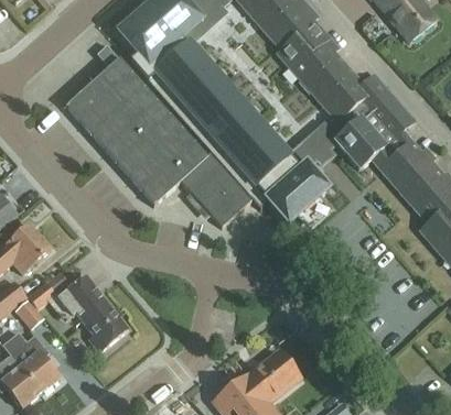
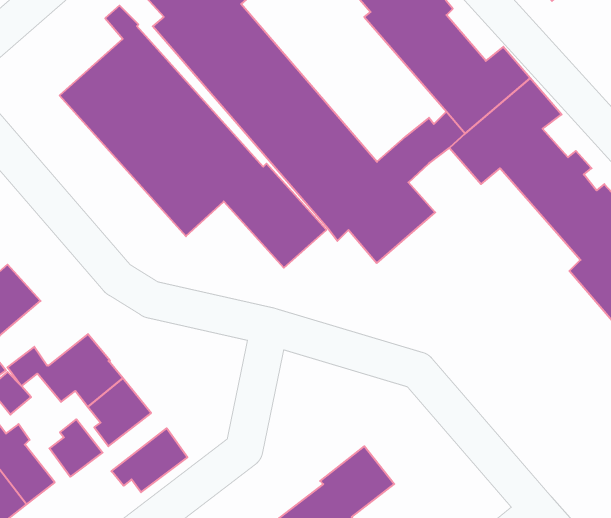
building: none -> [49,419,103,477]
building: none -> [111,428,187,492]

